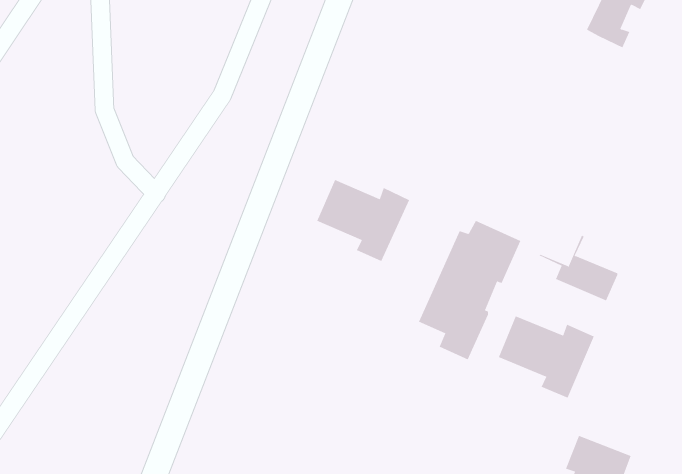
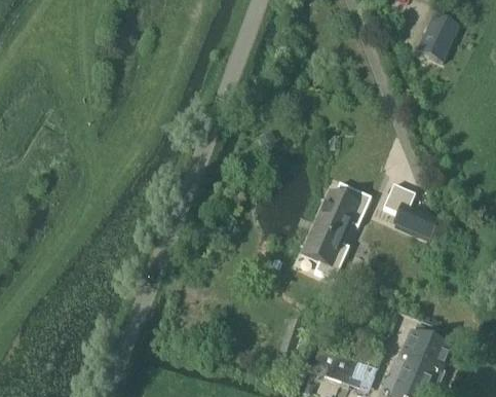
building: [317,179,410,262] -> none
building: [498,315,595,399] -> none

